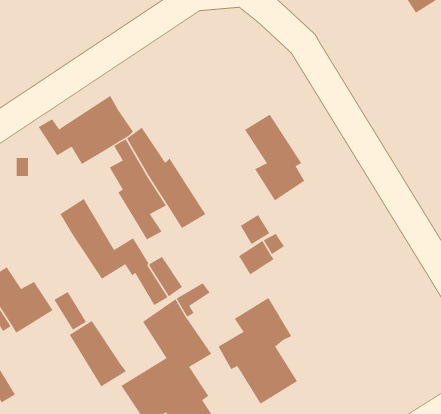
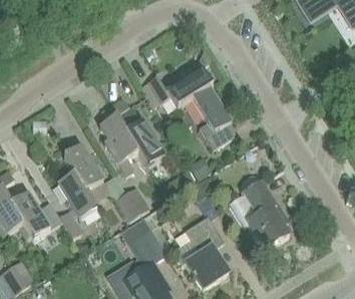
building: [38,95,134,165] -> [146,61,213,109]
building: none -> [231,177,290,251]
building: [69,320,127,387] -> [57,174,97,220]

